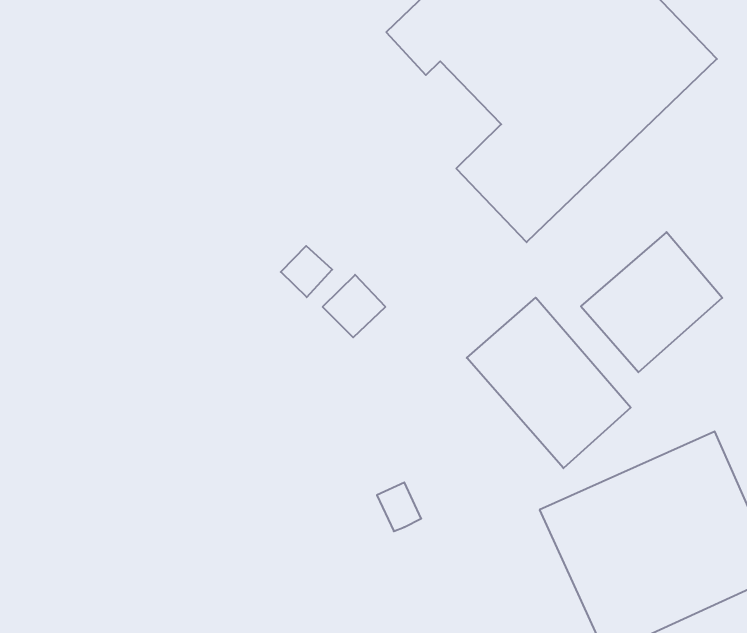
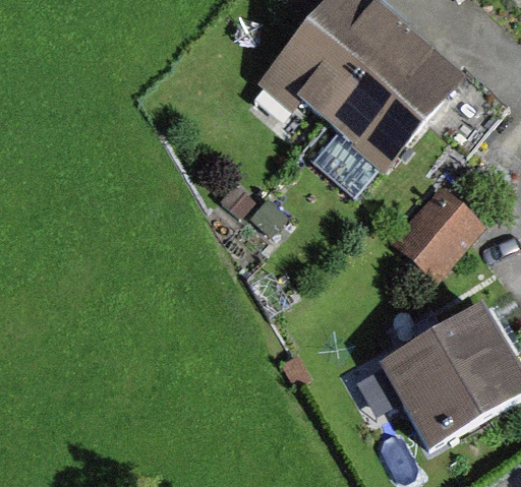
building: [467,298,631,468] -> none

